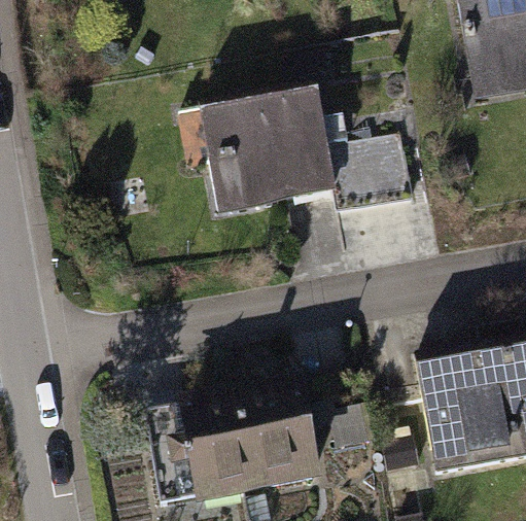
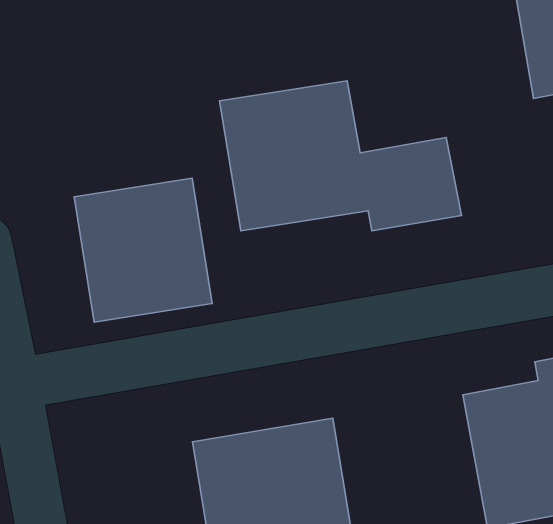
building: none -> [74,178,212,322]

